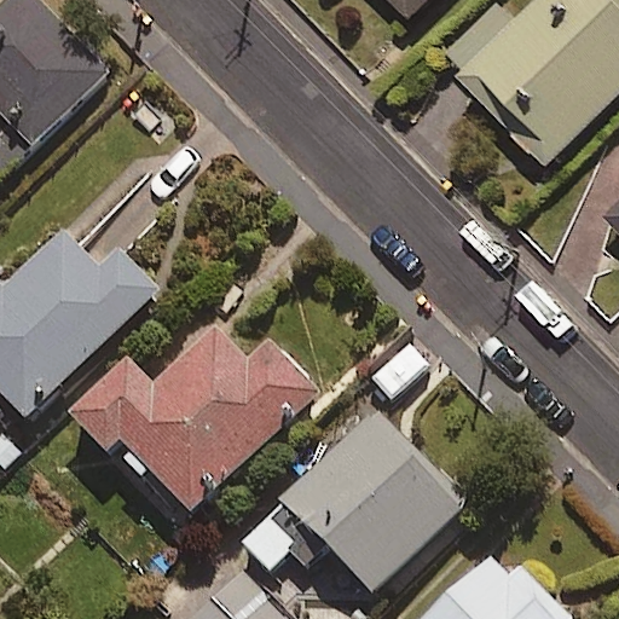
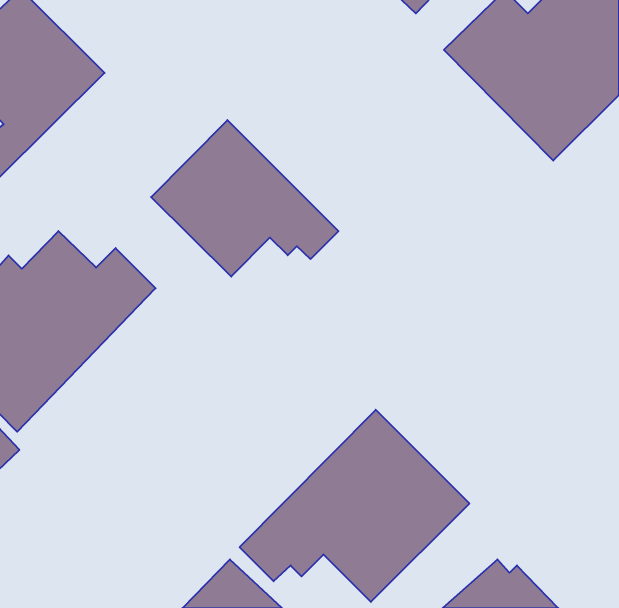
building: none -> [151,120,338,277]
building: [65,326,318,517] -> none

